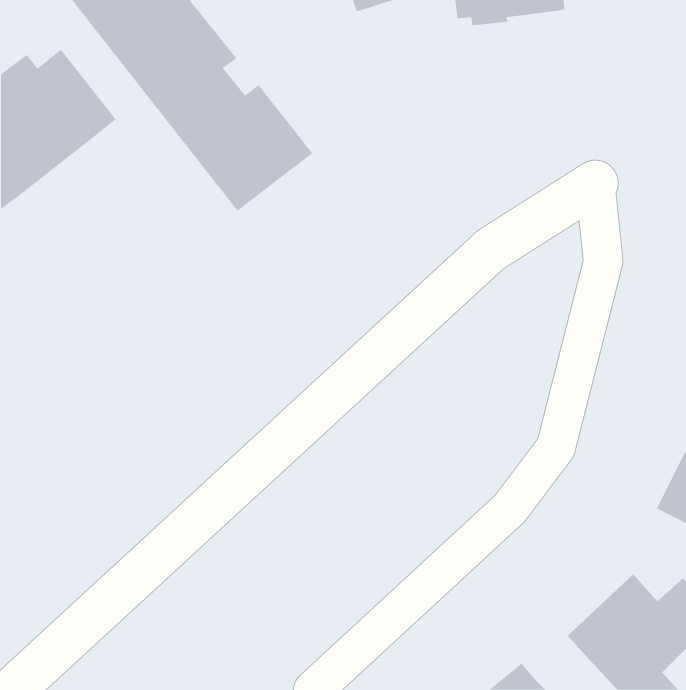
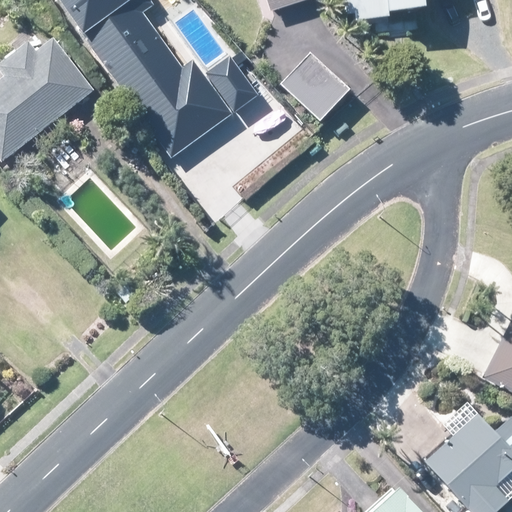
building: none -> [277,51,347,120]
building: none -> [212,53,264,109]

